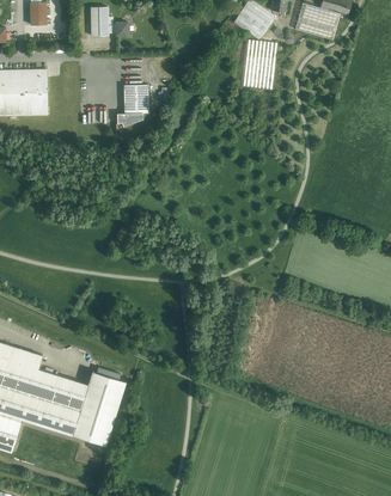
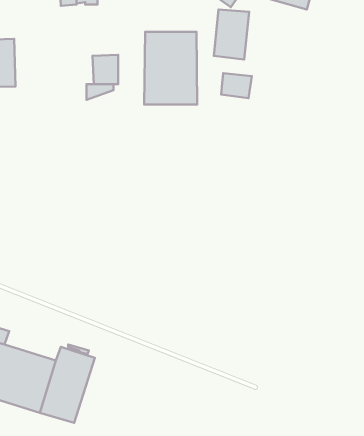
building: none -> [144,32,197,105]
building: none -> [221,73,252,98]

